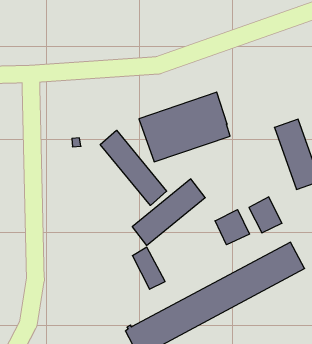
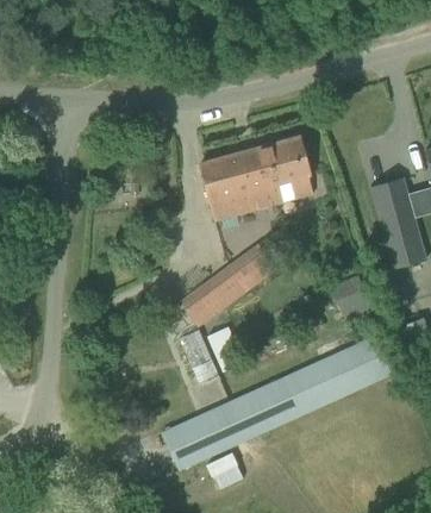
building: [100,130,167,205] -> none
building: [215,210,250,245] -> none

